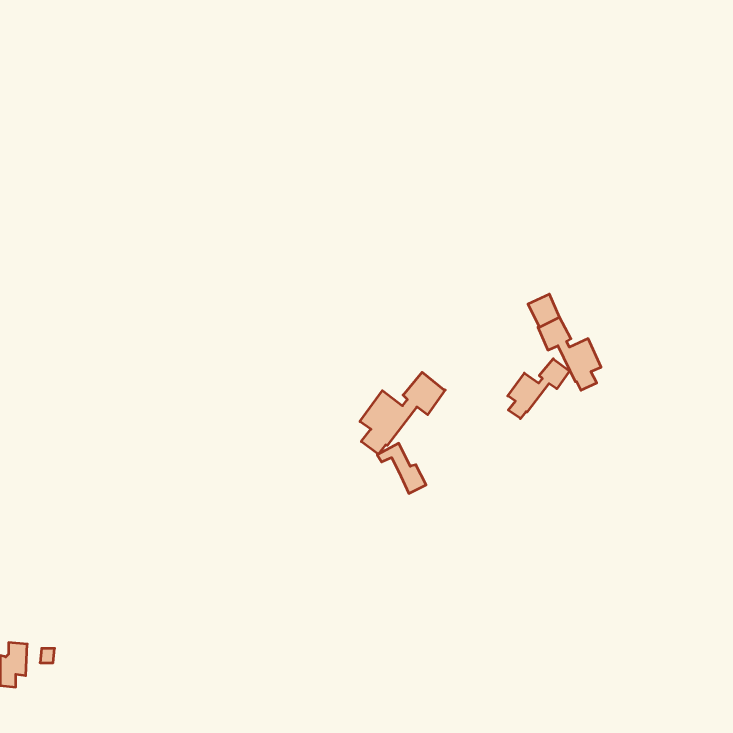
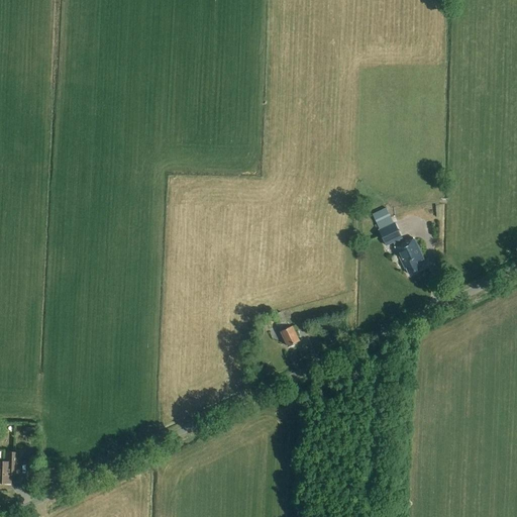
building: [508,359,570,419] -> none
building: [360,372,445,454] -> none

